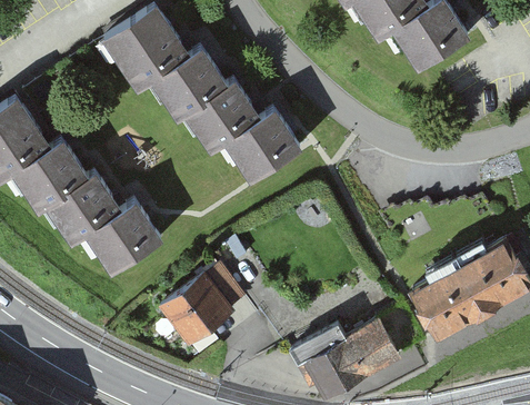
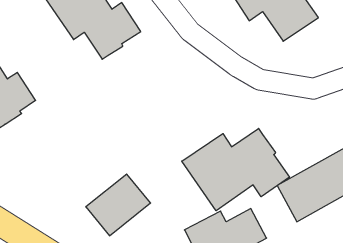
building: [183,73,301,178] -> none
building: [46,166,163,271] -> none
building: none -> [182,128,289,211]

